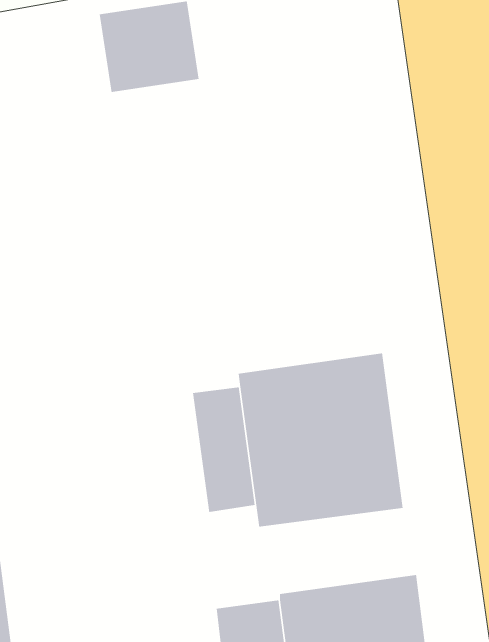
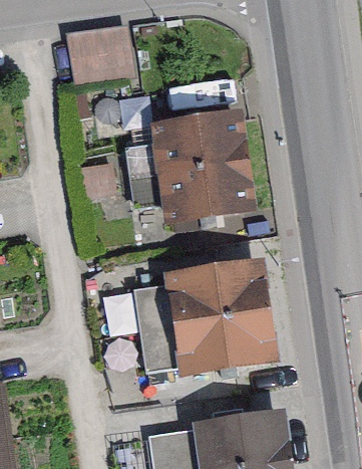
building: none -> [145,109,252,227]

